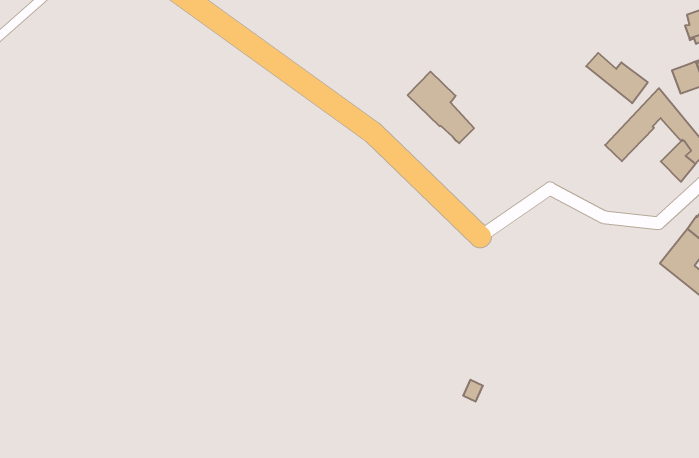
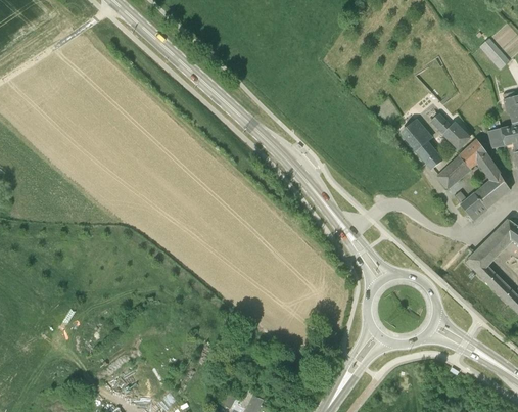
building: [408,72,474,143] -> [402,118,444,169]
building: none -> [455,191,487,220]

